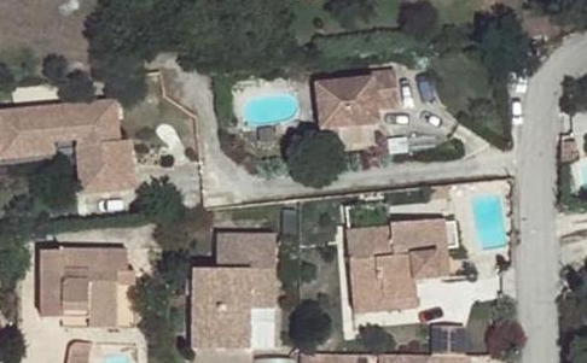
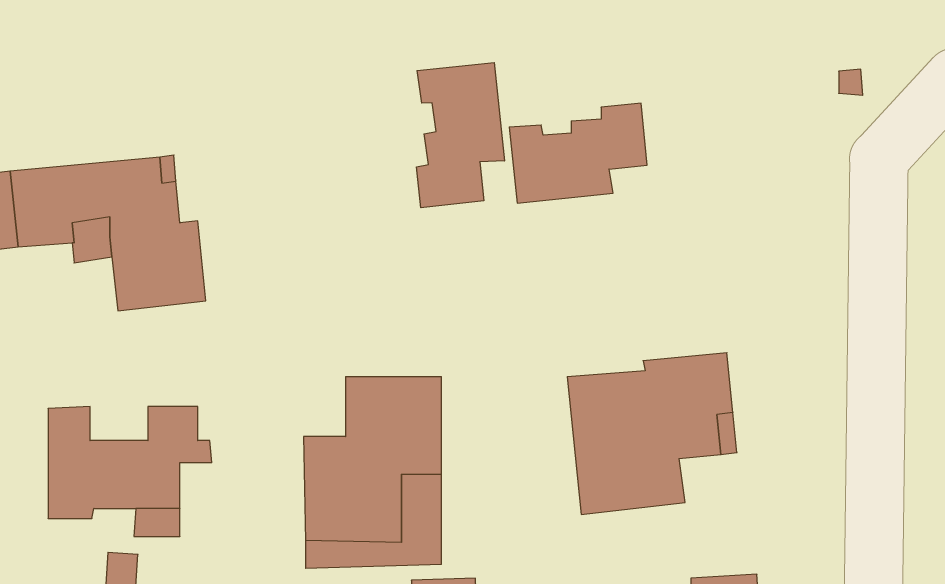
building: none -> [417,63,504,208]

